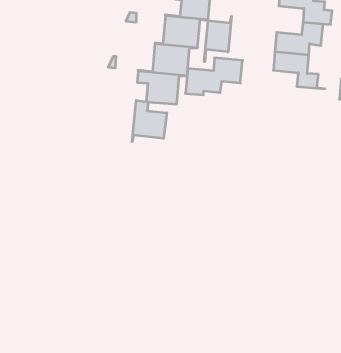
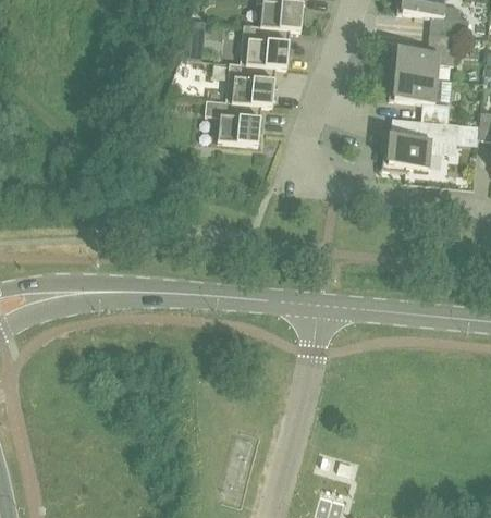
building: [204,16,232,62] -> none
building: [185,58,243,95] -> [382,120,459,170]
building: [132,100,167,142] -> none

